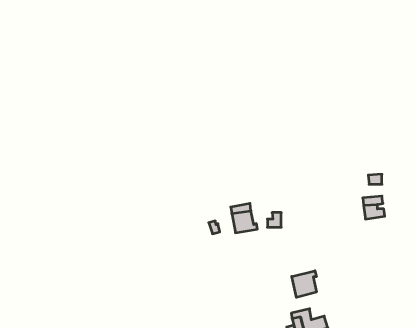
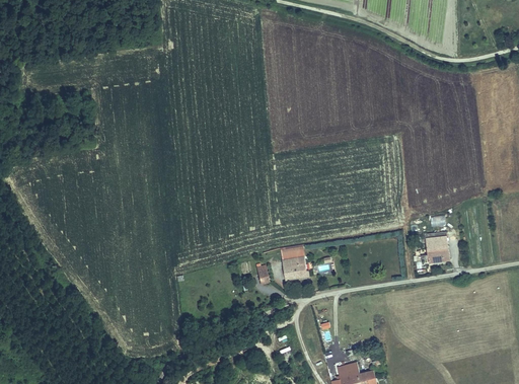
building: [292,271,316,297] -> none

